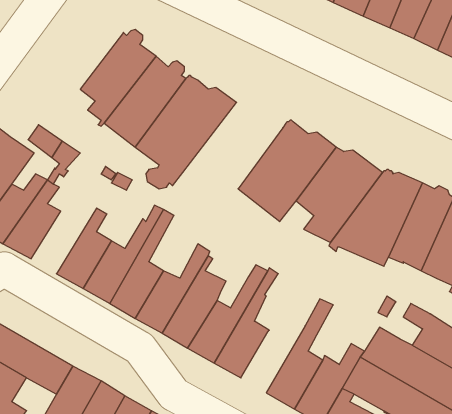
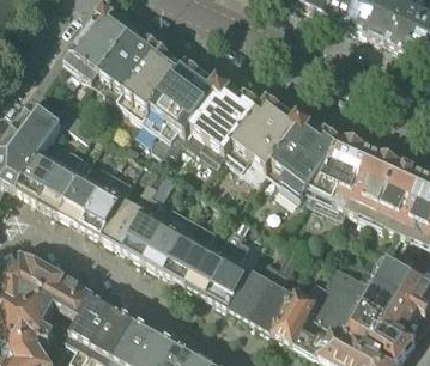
building: none -> [65,11,133,87]
building: none -> [181,84,261,165]
building: none -> [59,164,111,221]
building: none -> [228,258,279,317]

